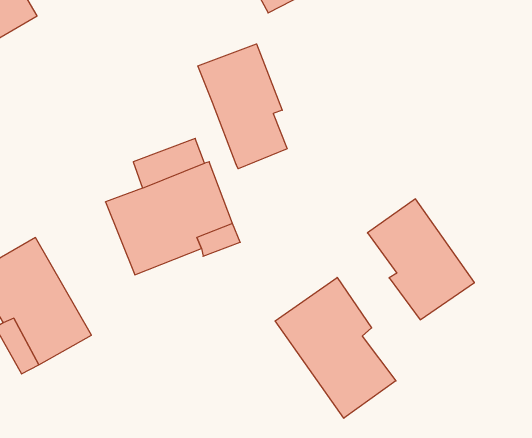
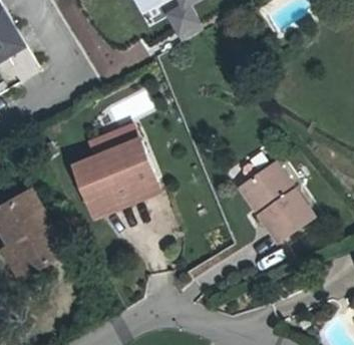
building: [198,44,287,169] -> none
building: [275,277,396,418] -> none

